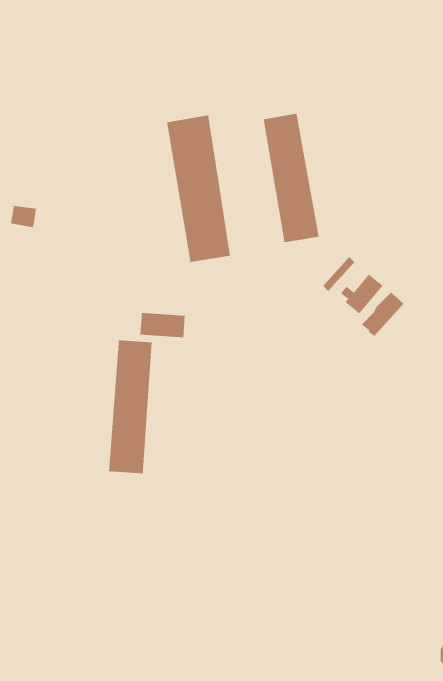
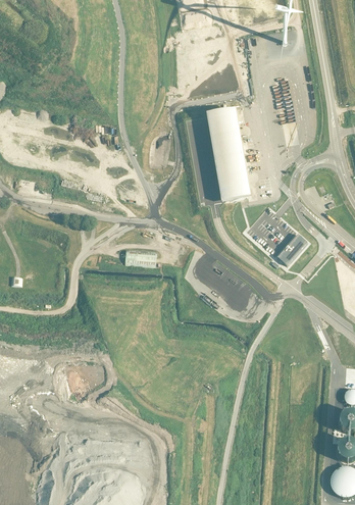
building: [166,115,230,263] -> none
building: [108,339,152,474] -> none

